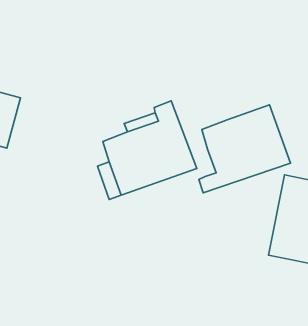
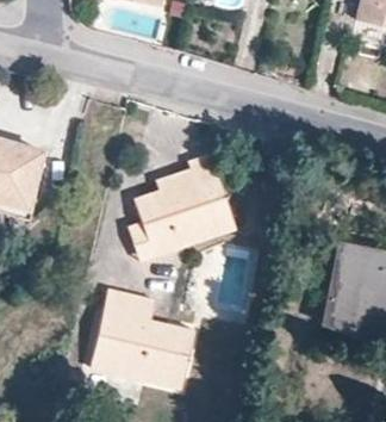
building: [199,105,290,193] -> none
building: none -> [87,290,193,391]

